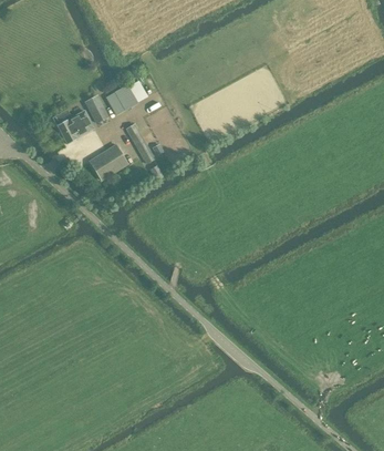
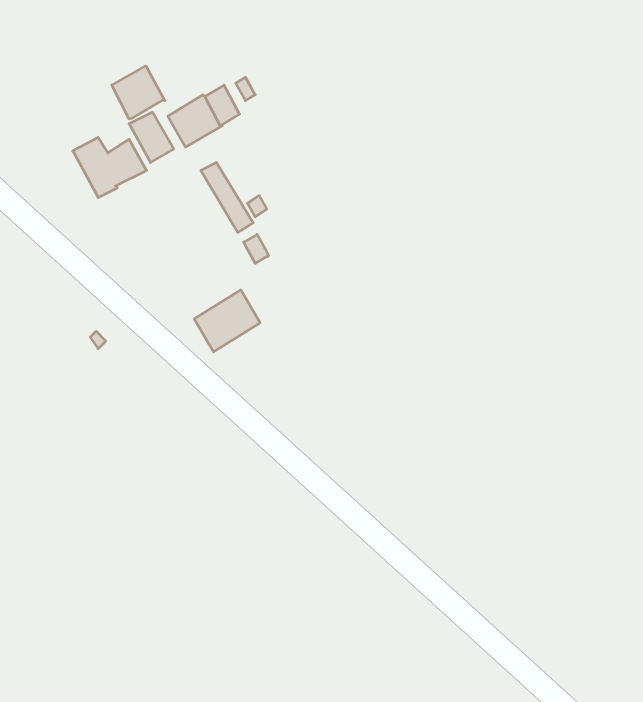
building: none -> [112,66,165,119]
building: [89,145,126,181] -> [194,290,260,352]

